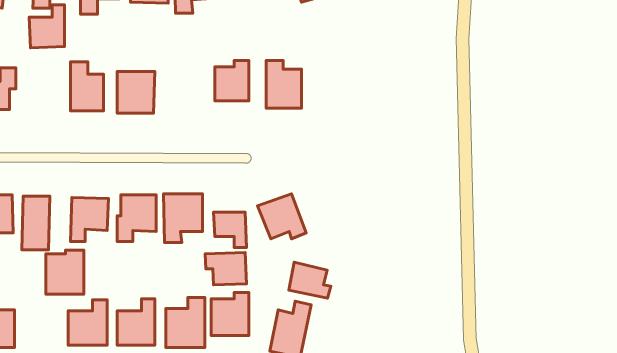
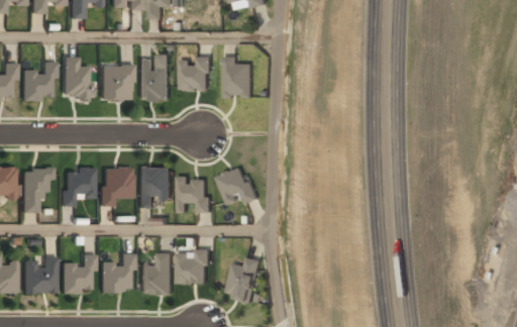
building: [29,5,65,48] -> [23,63,53,98]
building: none -> [140,59,168,101]
building: [46,250,84,294] -> [23,257,55,294]
building: [205,253,246,285] -> none
building: [289,262,331,298] -> none

